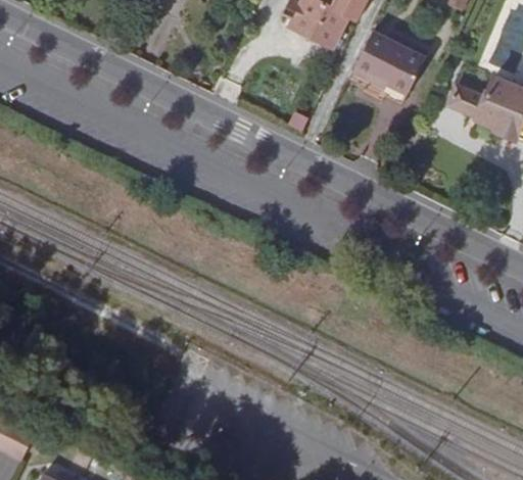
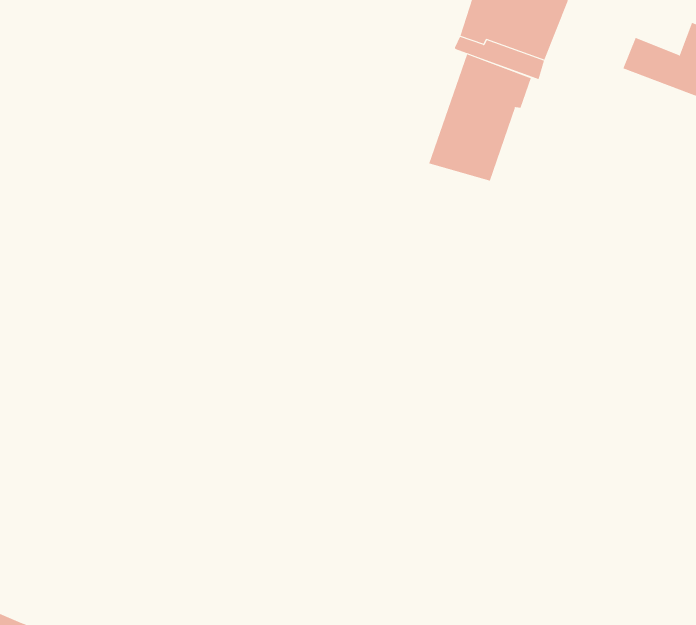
building: none -> [429,54,531,182]

